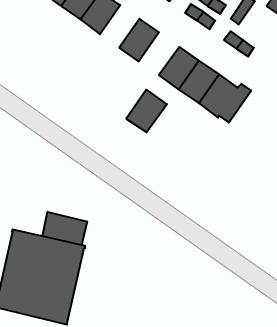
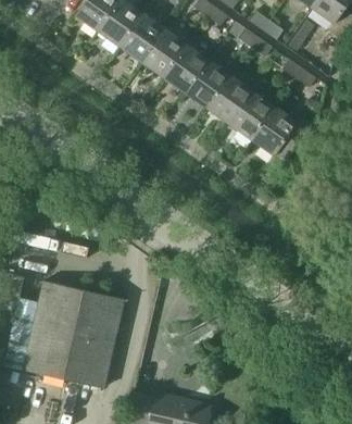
building: none -> [142,29,187,77]
building: [126,90,167,132] -> [186,60,231,108]
building: [43,212,87,245] -> none

